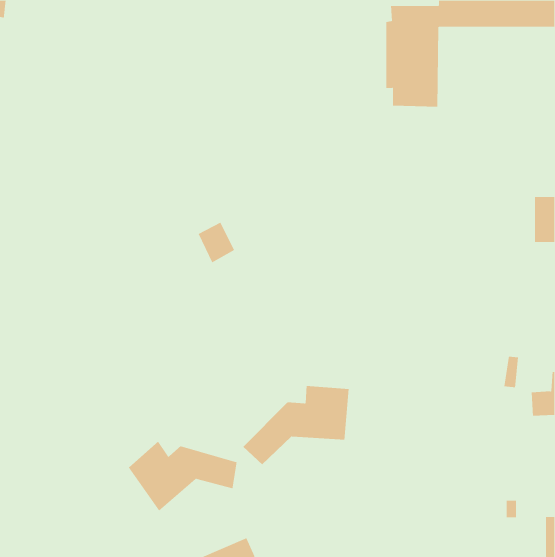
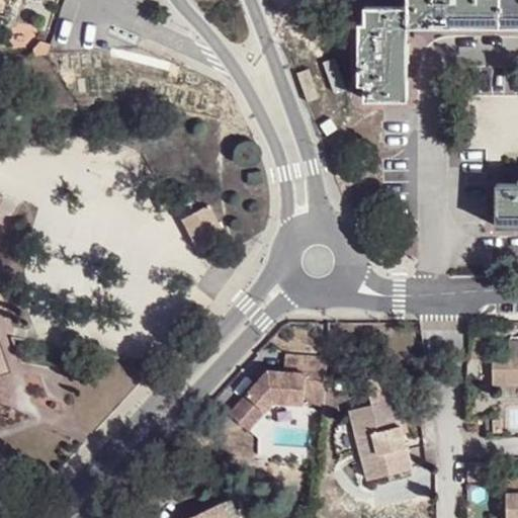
building: none -> [351,380,411,481]
building: [128,441,237,511] -> none

